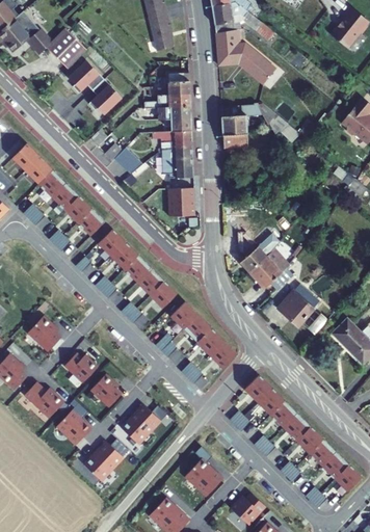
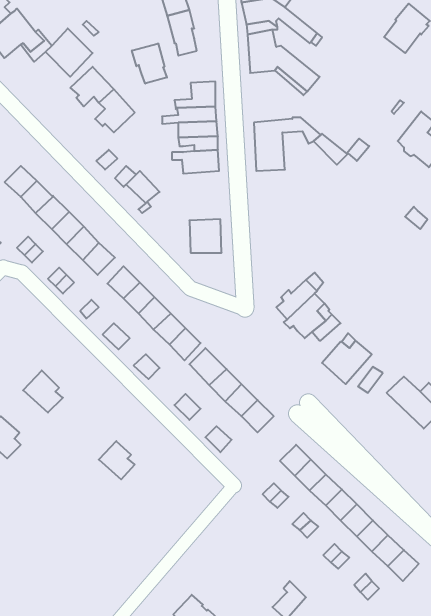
building: none -> [132,43,167,84]
building: [161,149,192,179] -> none
building: [64,353,98,383] -> none
building: [23,382,63,418] -> none
building: [56,403,90,446] -> none
building: [120,403,165,444] -> none
building: [82,440,127,480] -> none
building: [185,447,222,497] -> none

